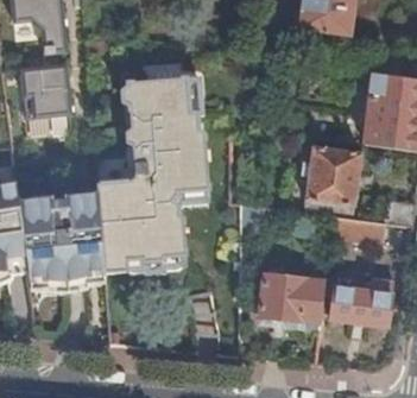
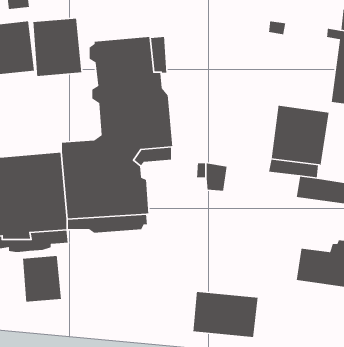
building: none -> [33,18,82,77]
building: [259,274,324,321] -> [192,291,259,338]
building: none -> [22,255,62,303]

